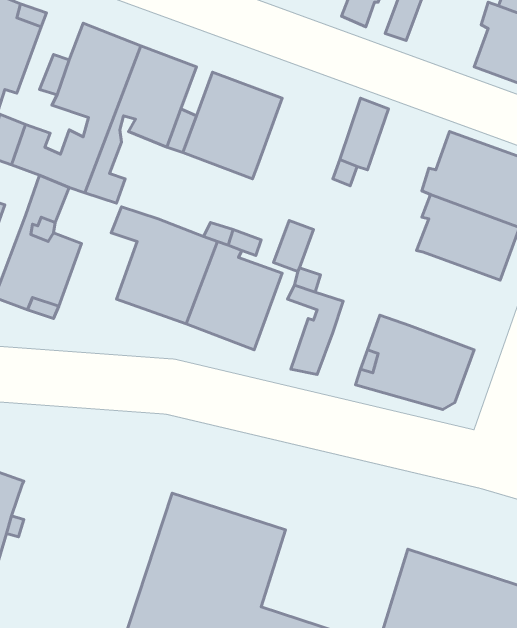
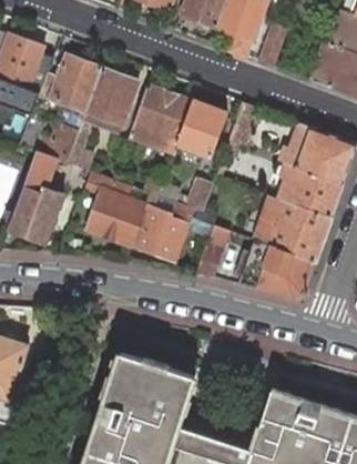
building: none -> [176,102,226,157]
building: none -> [254,194,330,262]

